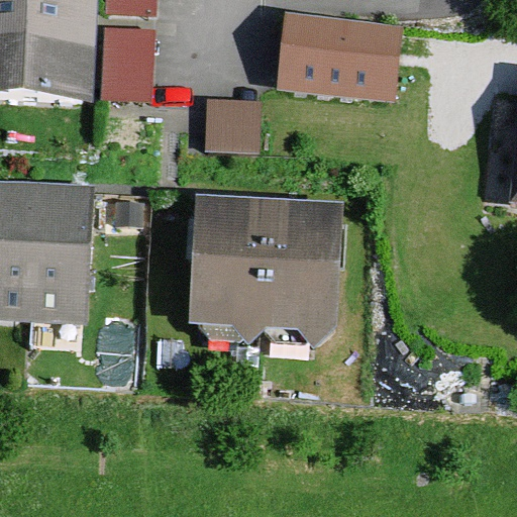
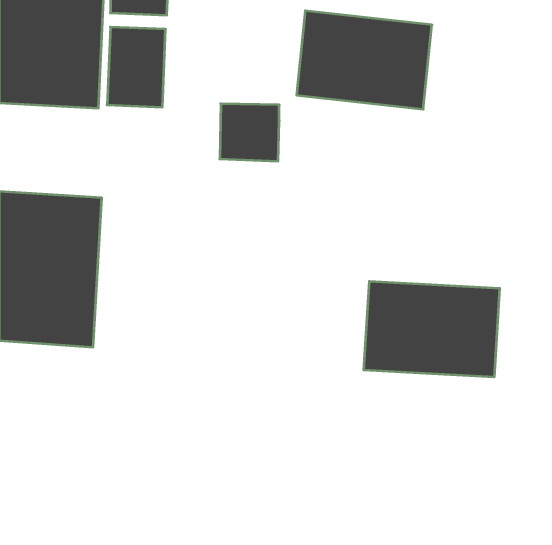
building: [187,197,343,350] -> none
building: none -> [364,281,500,377]

